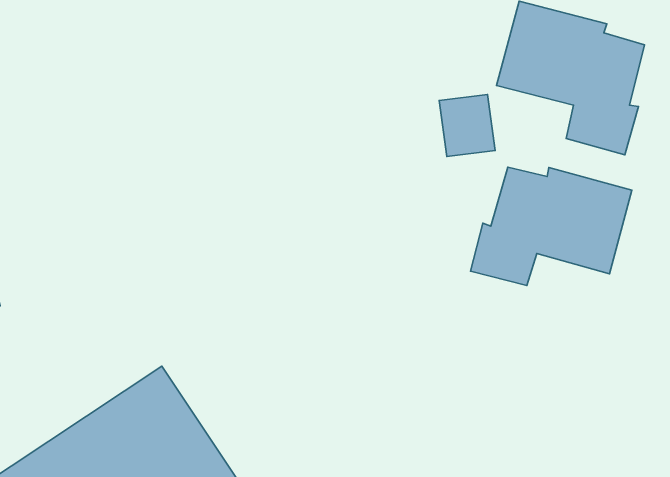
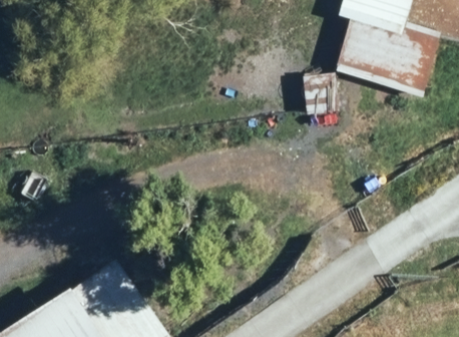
building: [470,167,632,286] -> none

